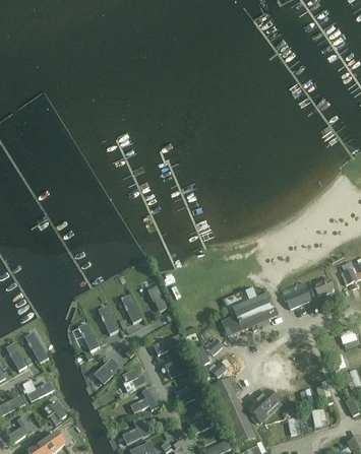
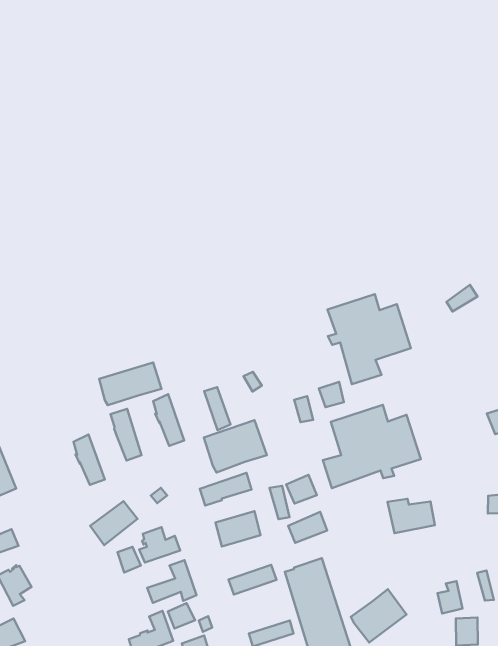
building: none -> [327,294,411,384]
building: none -> [99,362,162,405]
building: [280,281,308,302] -> [388,499,435,533]
building: none -> [204,420,267,472]

